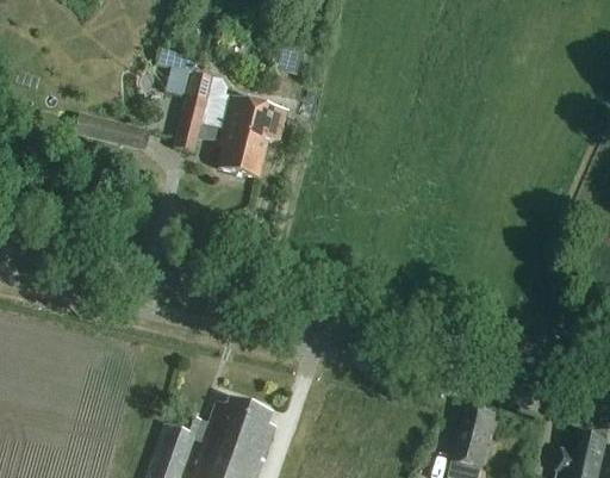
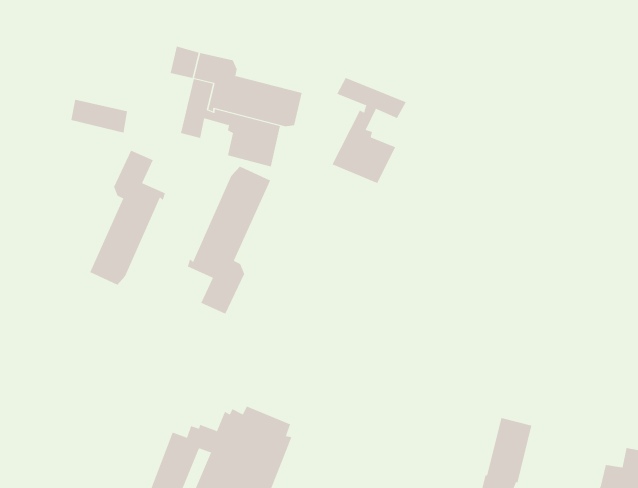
building: none -> [330,77,406,184]
building: none -> [89,150,166,285]
building: none -> [187,166,271,314]

